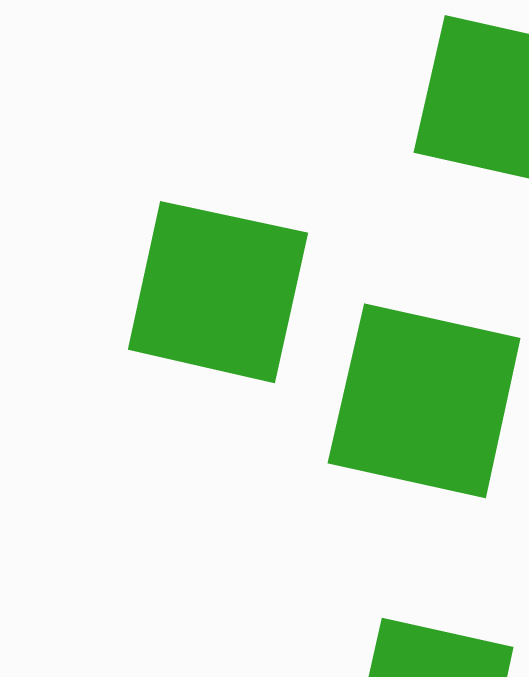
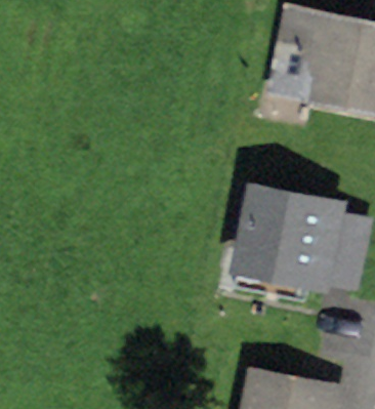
building: [127,200,309,384] -> none

